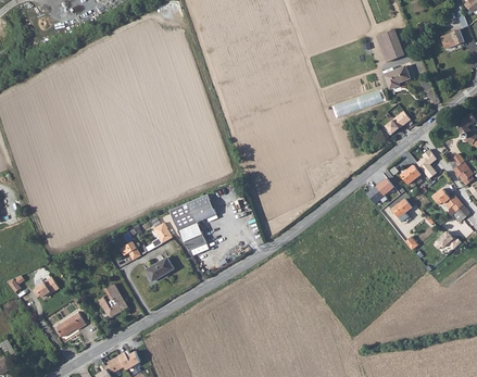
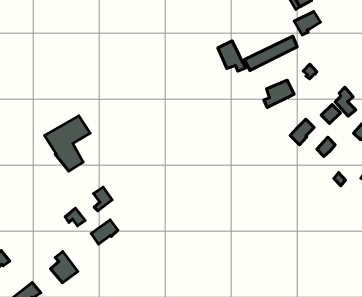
building: none -> [218,41,245,71]
building: none -> [264,80,294,108]
building: [170,194,217,251] -> [45,116,90,171]

